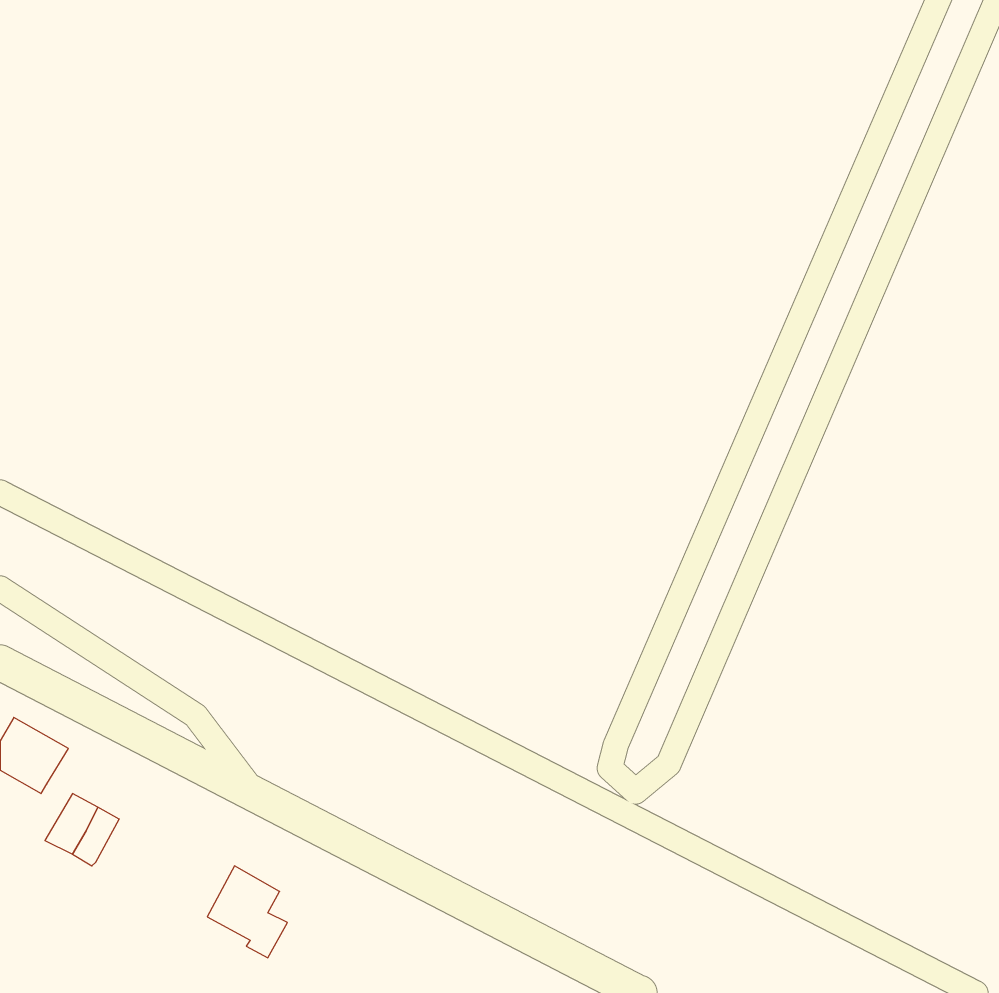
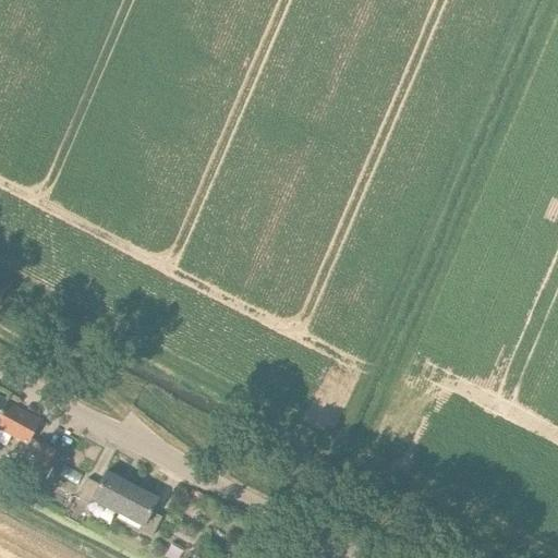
building: none -> [76,470,131,511]

